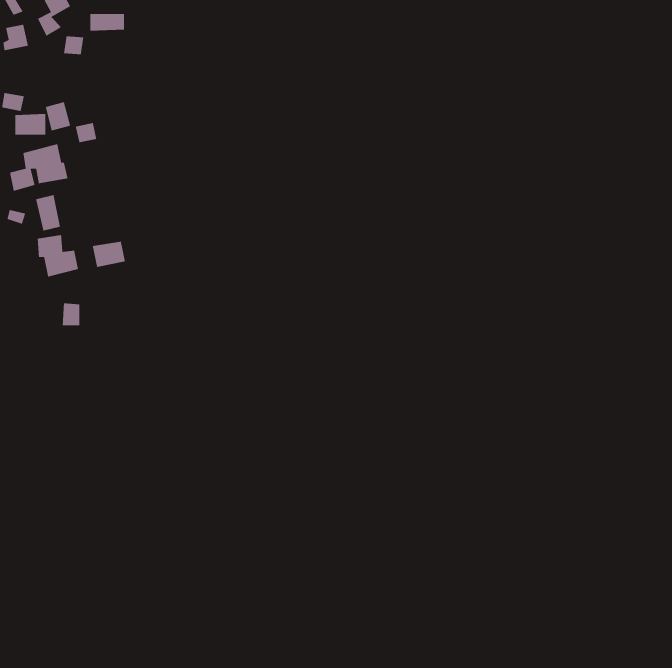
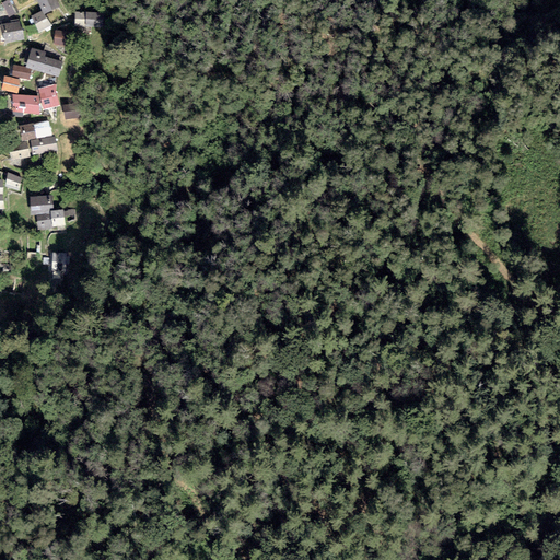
building: none -> [12,48,62,78]
building: [35,194,61,231] -> none
building: [92,241,126,268] -> none

